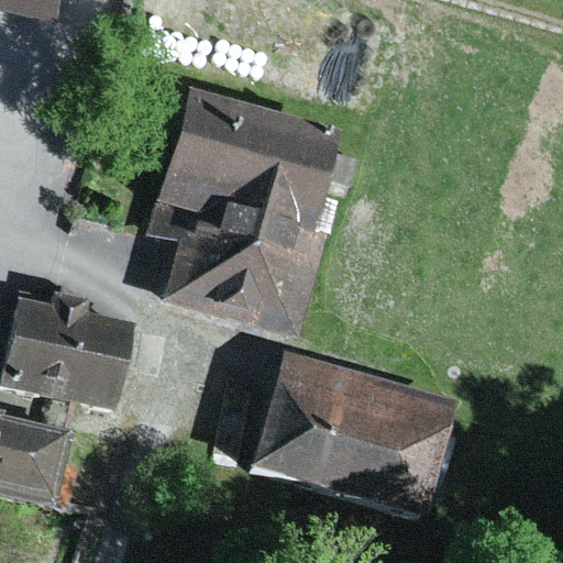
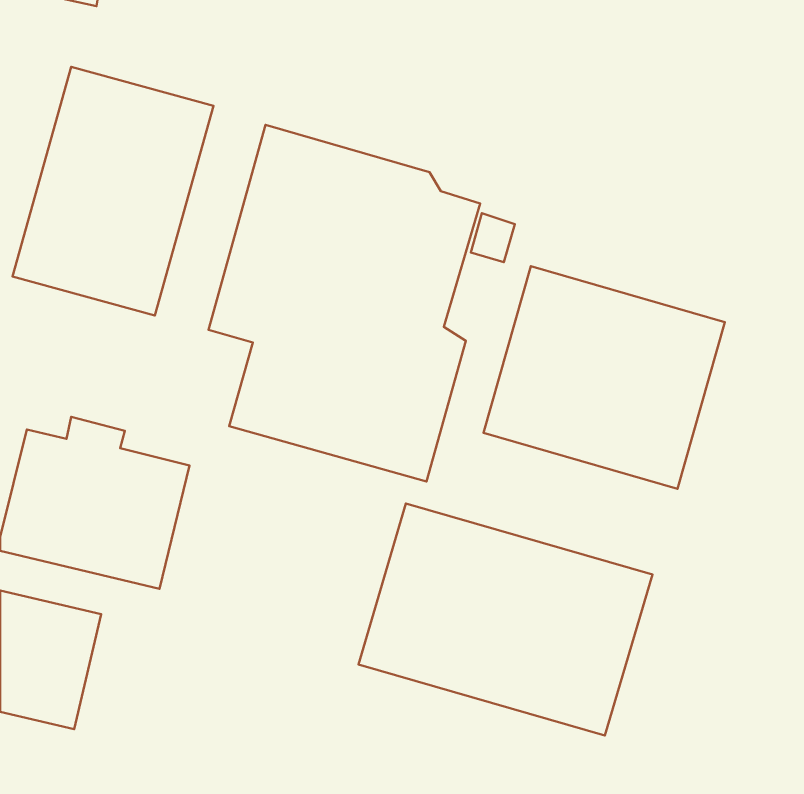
building: none -> [13,67,214,315]
building: none -> [483,266,725,489]

